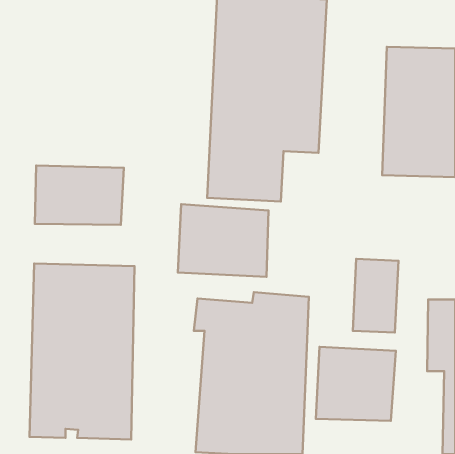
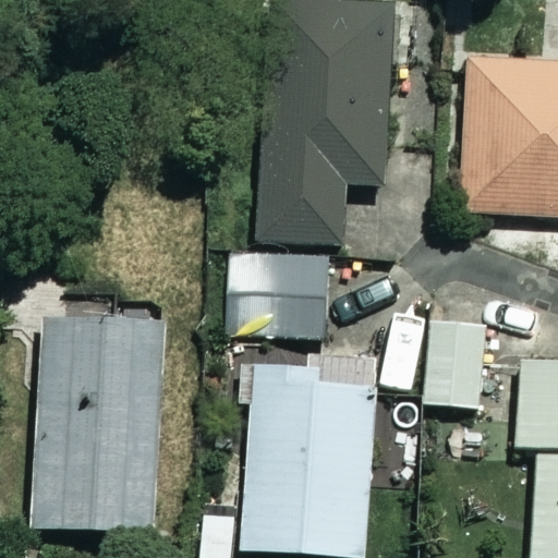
building: [35,165,124,225] -> none
building: [316,347,396,421] -> none

